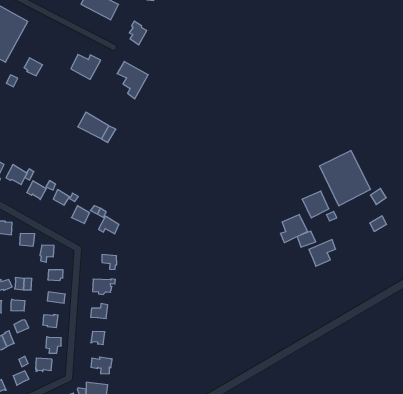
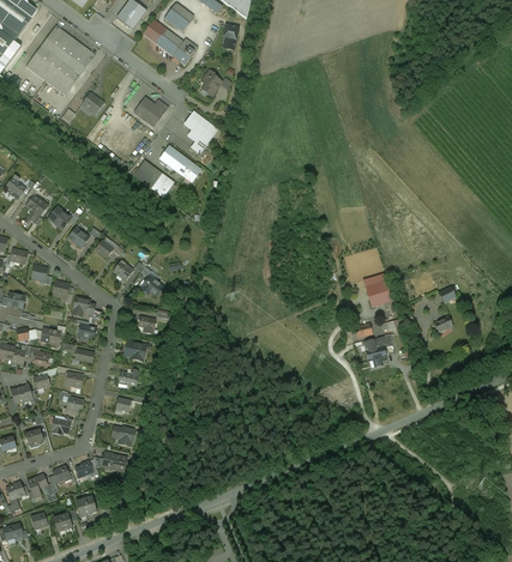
building: none -> [158,146,199,181]
building: [319,150,370,206] -> none
building: [281,214,308,243] -> none

